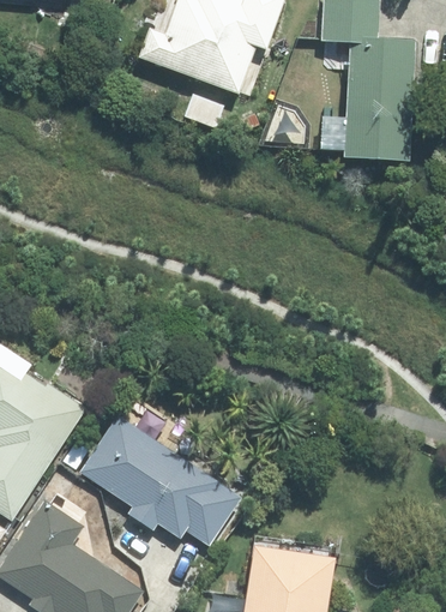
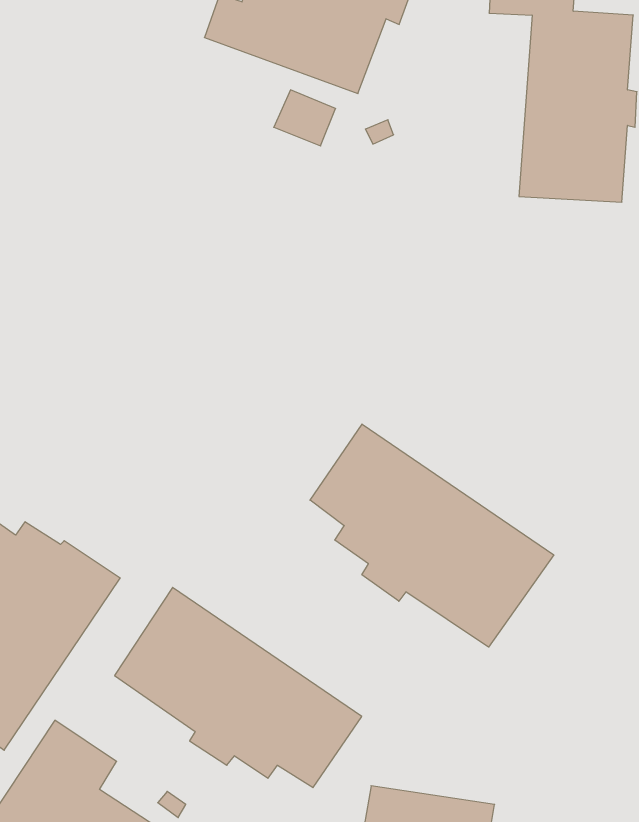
building: none -> [310,424,554,647]

